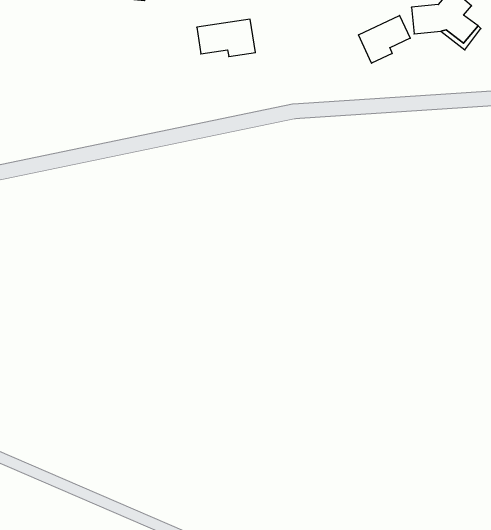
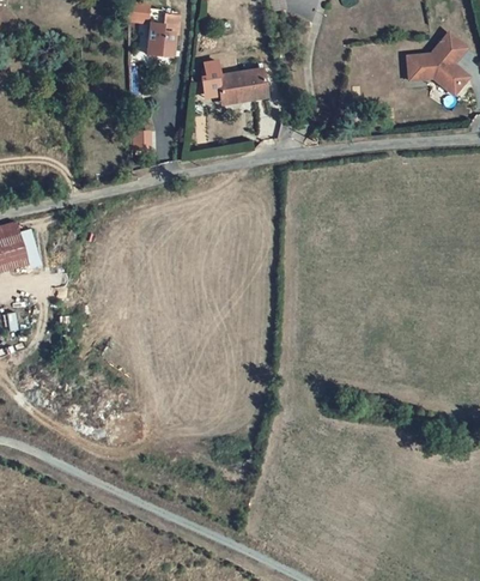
building: [359,15,410,63] -> none

